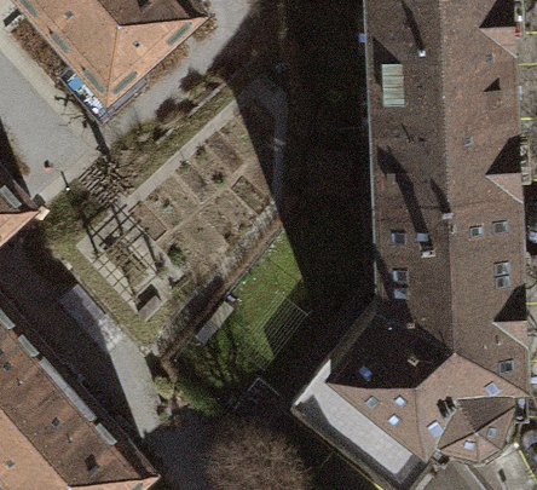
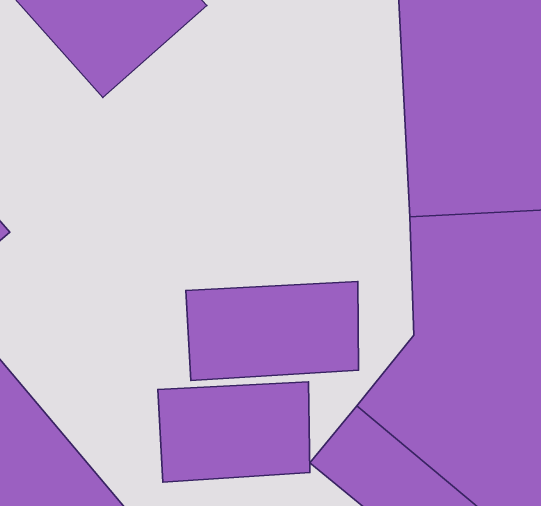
building: none -> [186,282,359,381]
building: none -> [158,382,310,482]

